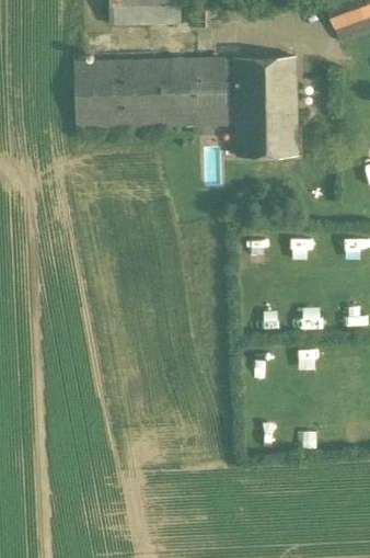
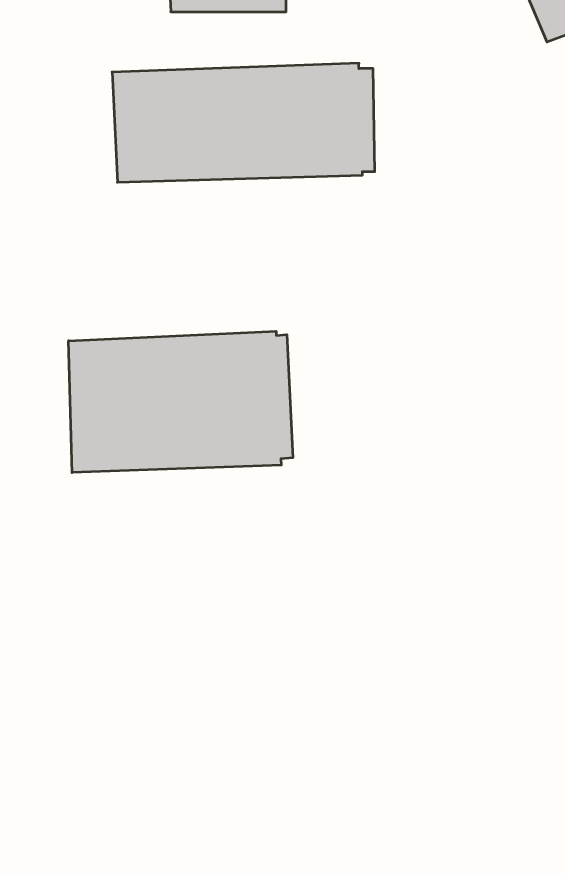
building: [234,56,299,155] -> none
building: none -> [69,331,293,473]

